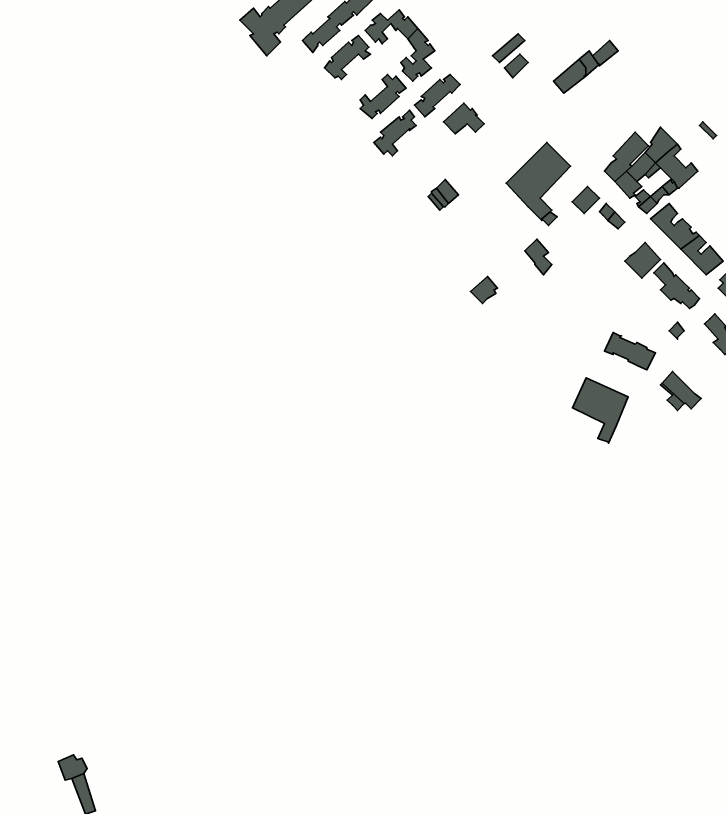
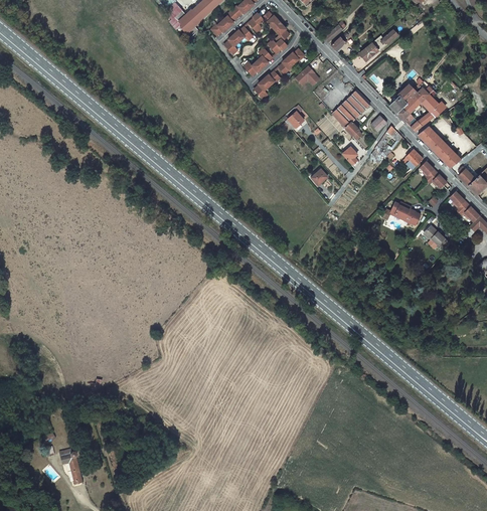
building: [573,378,628,443] -> none

